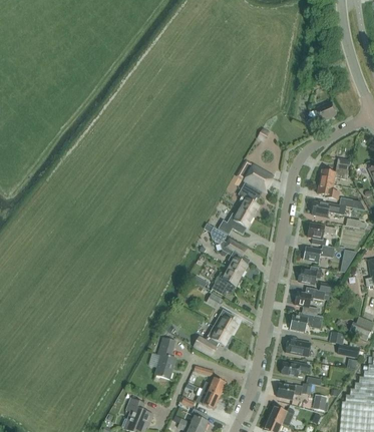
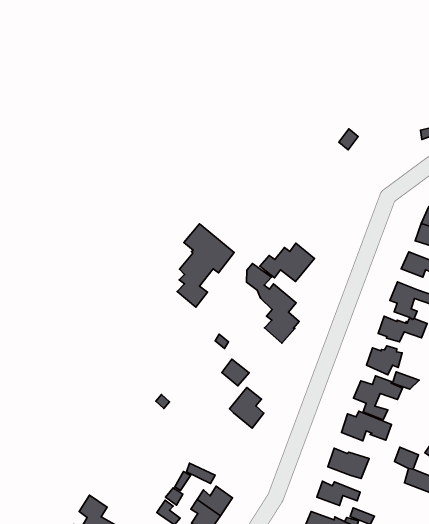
building: [238,161,272,217] -> [177,224,234,307]
building: [212,268,241,295] -> none
building: [194,327,231,355] -> none
building: [154,337,175,379] -> none

